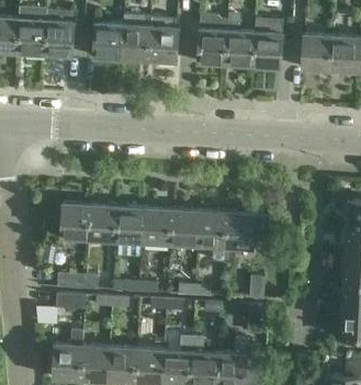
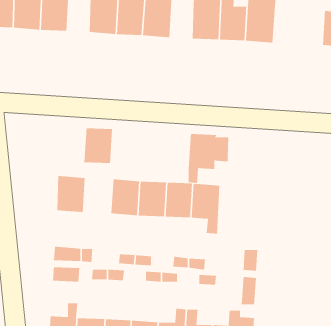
building: [302,34,331,70] -> none
building: [88,204,117,240] -> [84,128,113,164]
building: [224,212,266,262] -> [188,134,229,184]

